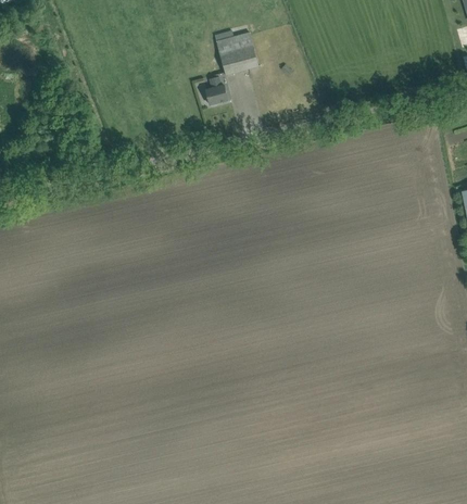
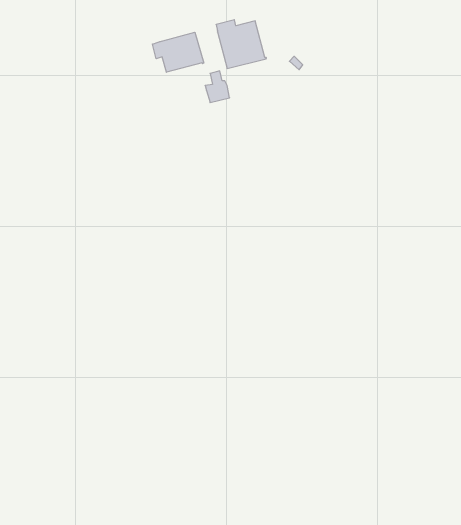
building: none -> [152,32,204,72]

